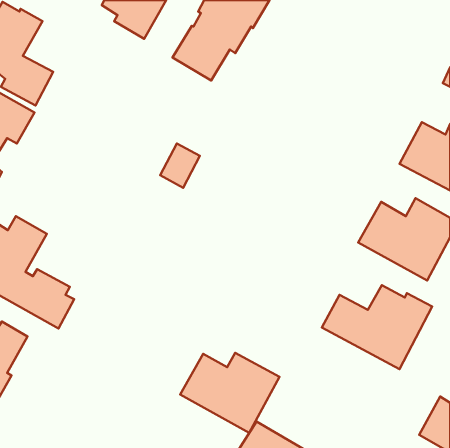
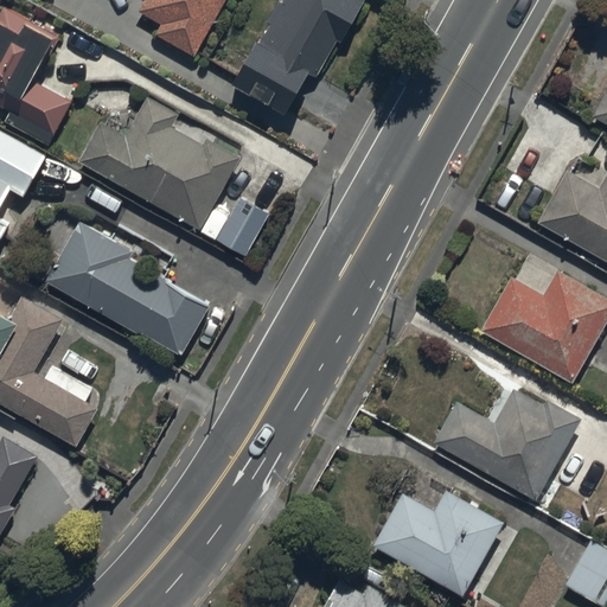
building: none -> [79,97,242,231]
building: none -> [45,223,210,356]
building: [180,353,279,433] -> [371,490,504,596]

